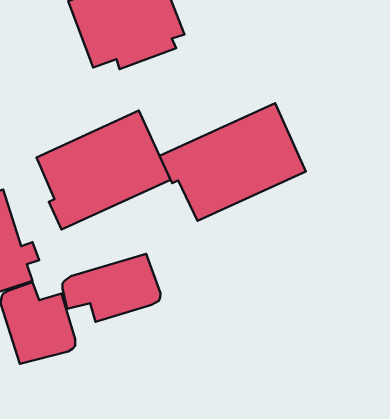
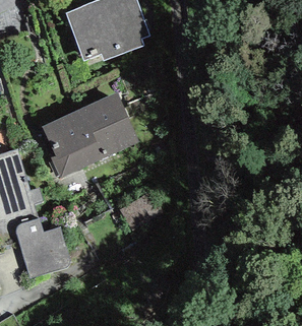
building: [160,103,306,221] -> none
building: [62,254,161,322] -> none

